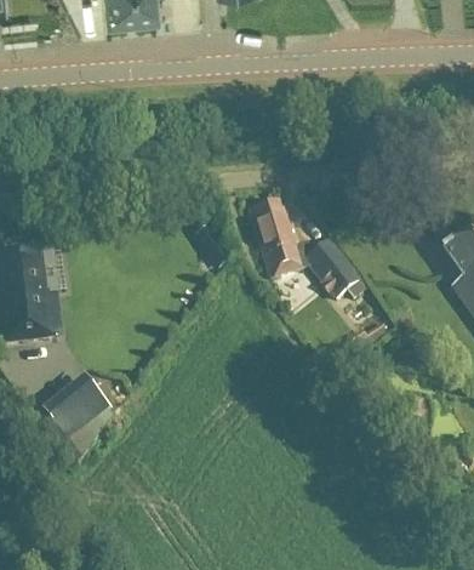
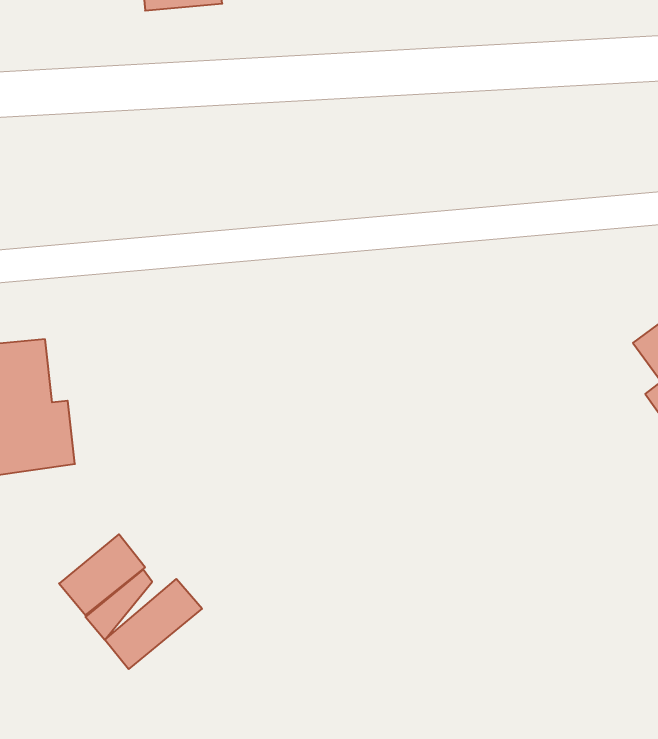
building: [251,199,367,295] -> none
building: none -> [105,579,202,669]

